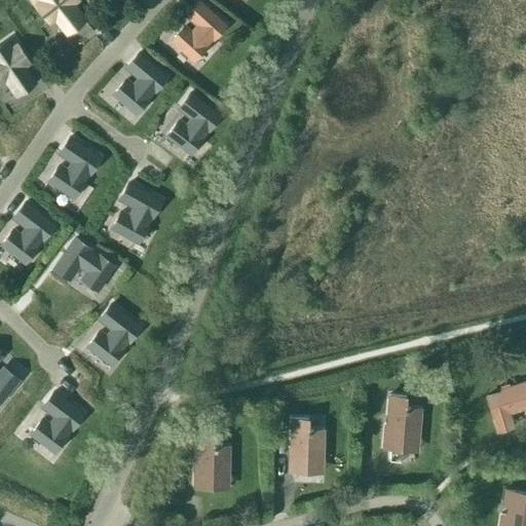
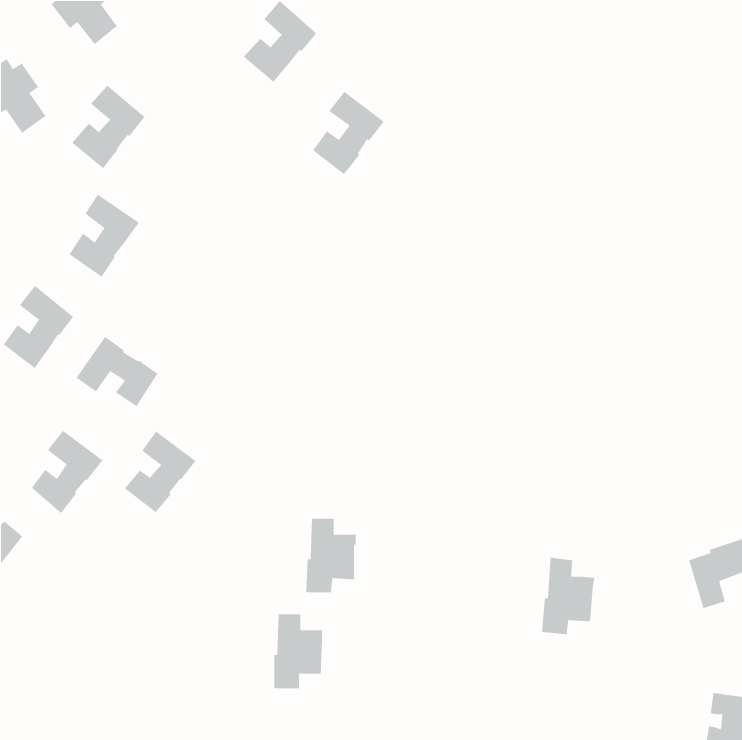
building: [114,54,166,114] -> [71,85,145,169]
building: [168,95,220,154] -> [312,91,385,175]
building: [113,184,160,242] -> none
building: [32,393,83,453] -> [31,430,103,514]
building: [288,419,324,473] -> [305,518,356,593]

